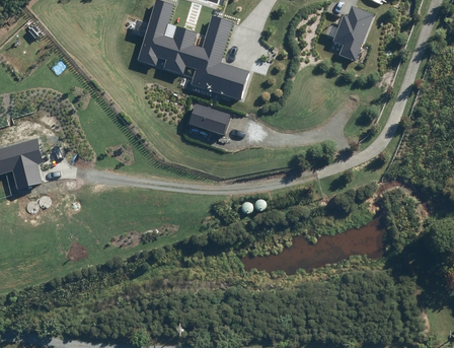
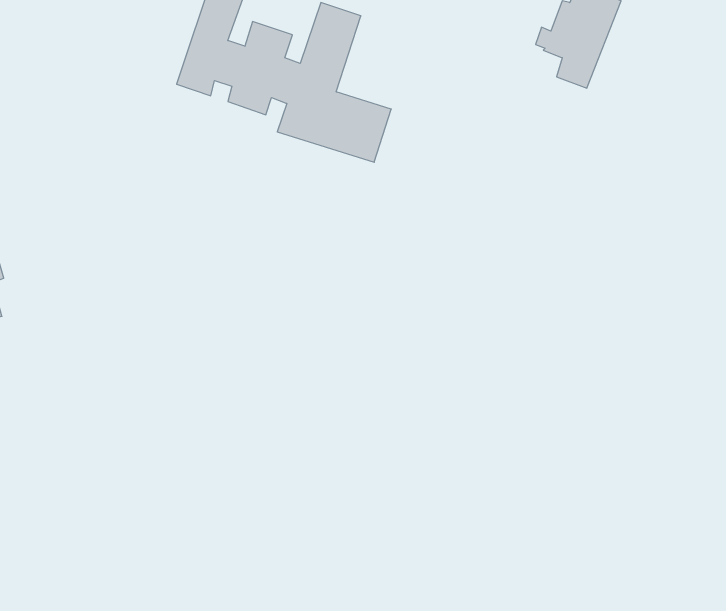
building: [190,105,231,136] -> none

